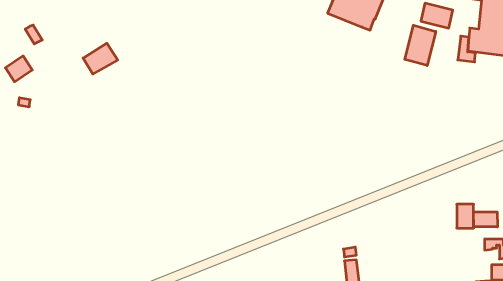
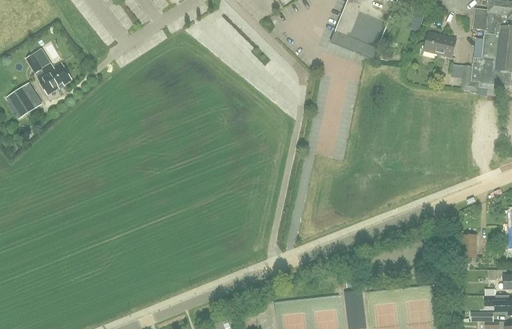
building: [405,25,436,66] -> none
building: [83,43,118,74] -> [37,61,72,92]
building: [474,212,497,227] -> none

